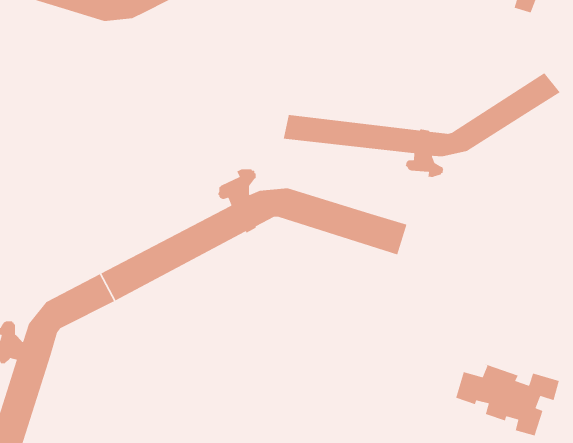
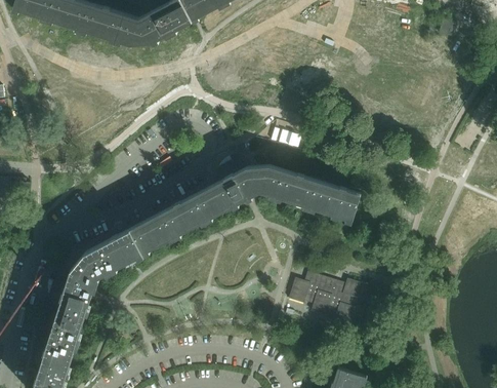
building: [283,72,561,178] -> none
building: [455,362,560,436] -> [288,270,367,326]

